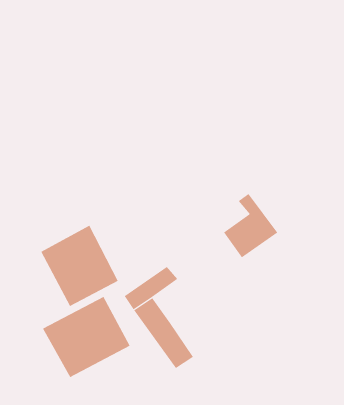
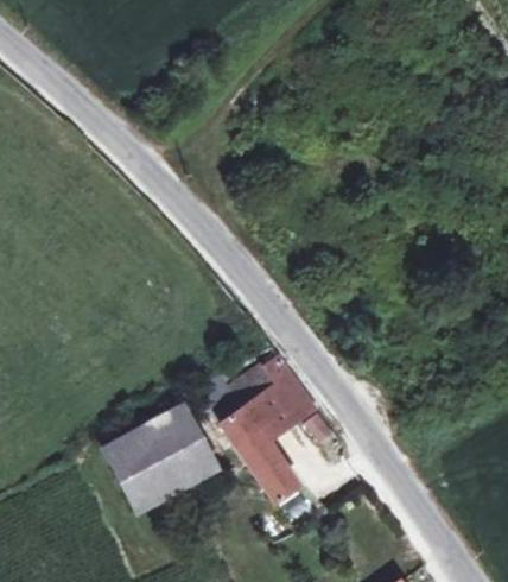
building: [223,193,278,258] -> [247,356,318,441]
building: [41,225,118,307] -> none

